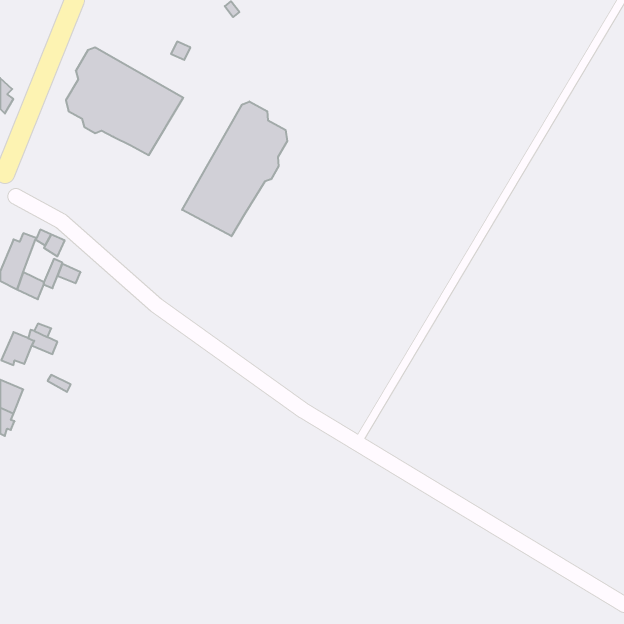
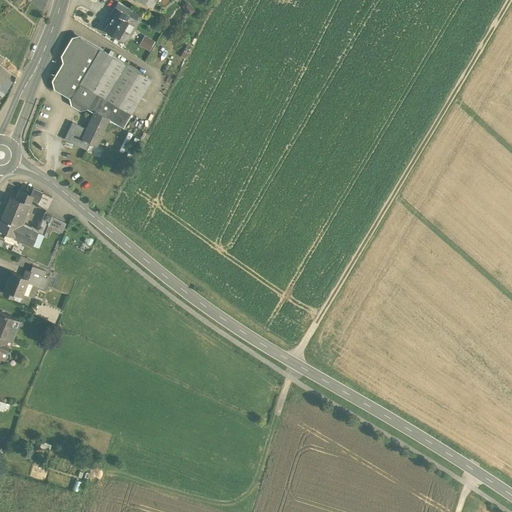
building: none -> [105,7,127,38]
building: [182,101,287,236] -> none
building: none -> [64,112,107,150]

